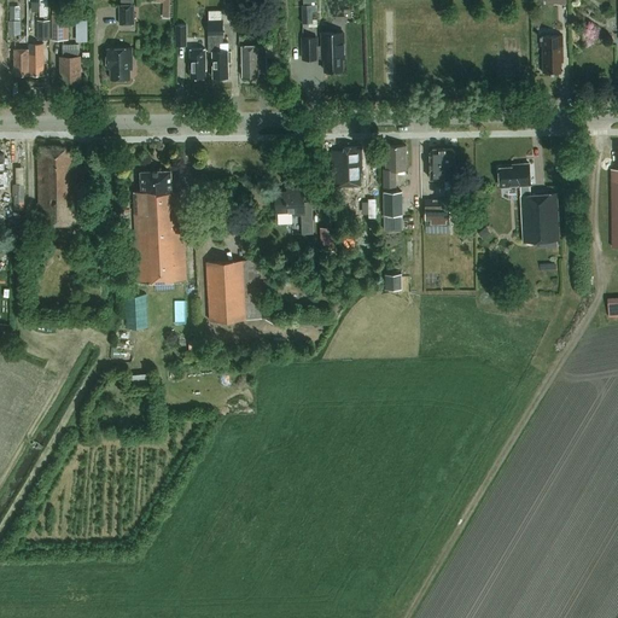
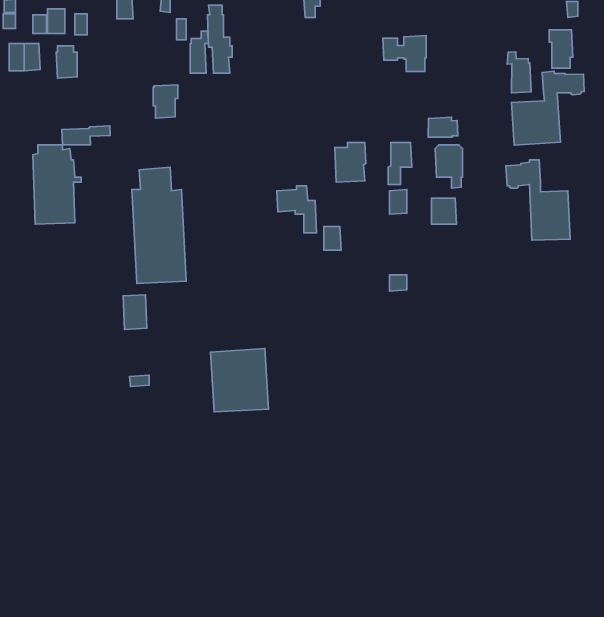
building: [301,36,343,71] -> [383,36,426,71]
building: [241,46,266,78] -> none
building: [107,48,132,81] -> [153,85,178,118]
building: none -> [507,52,531,93]
building: none -> [512,71,584,145]
building: none -> [428,117,458,137]
building: none -> [62,126,110,145]
building: [205,260,262,321] -> [210,349,269,412]

